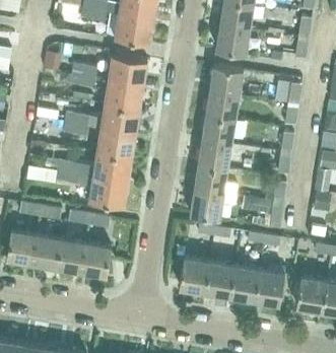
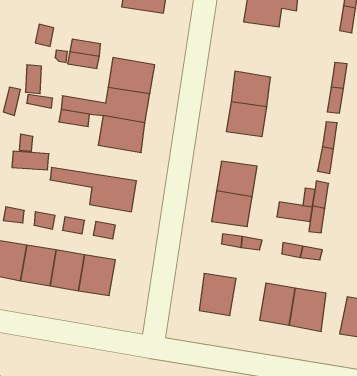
building: [109,55,147,85] -> none
building: [209,66,243,95] -> none
building: [198,140,231,168] -> none
building: [58,151,132,181] -> none
building: [205,261,234,295] -> none

